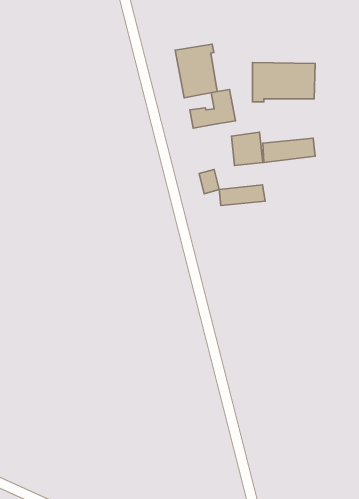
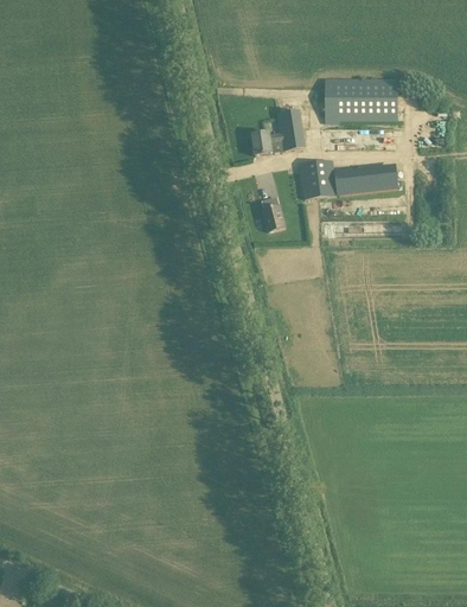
building: [175,44,217,98] -> none
building: [219,185,265,206] -> none

